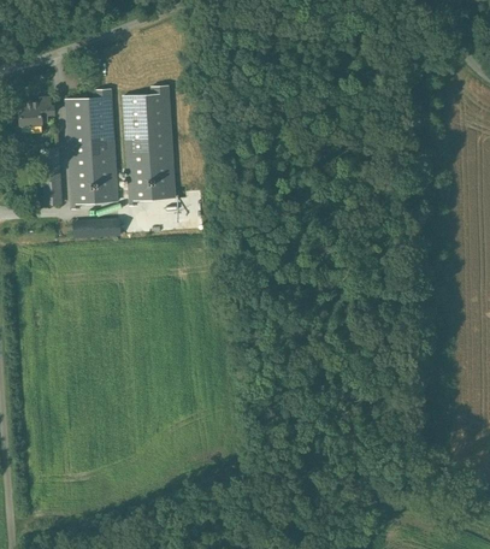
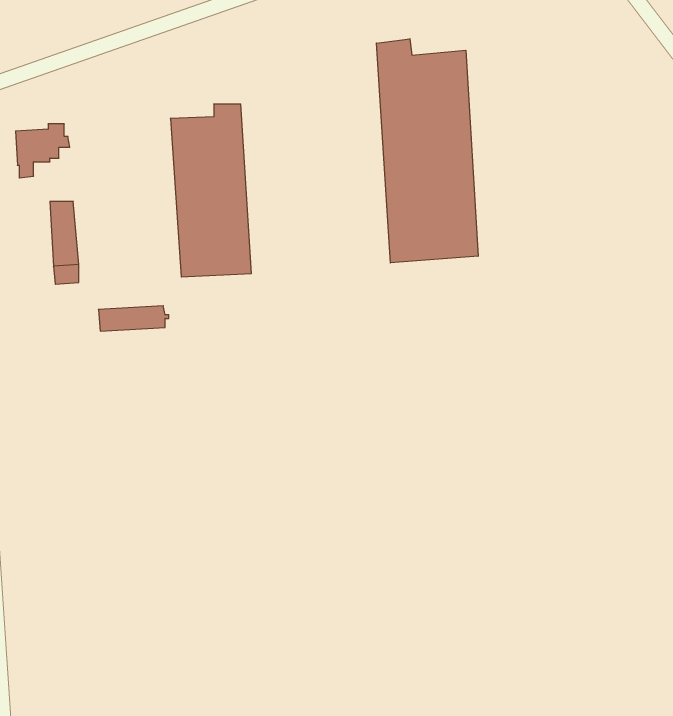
building: none -> [376,39,478,263]
building: [67,99,117,203] -> none

